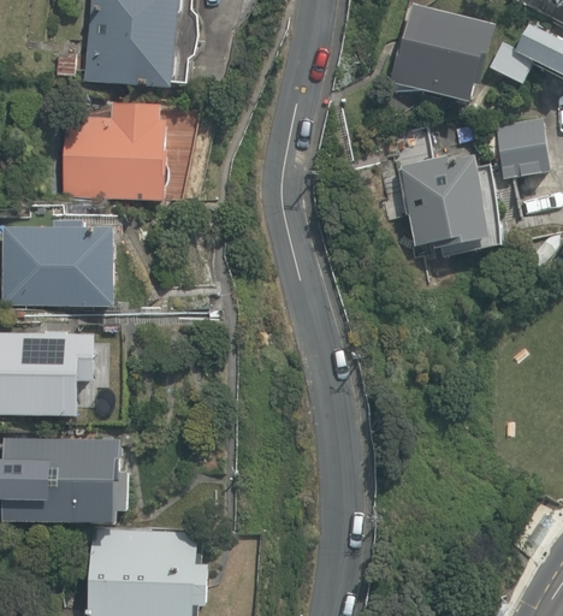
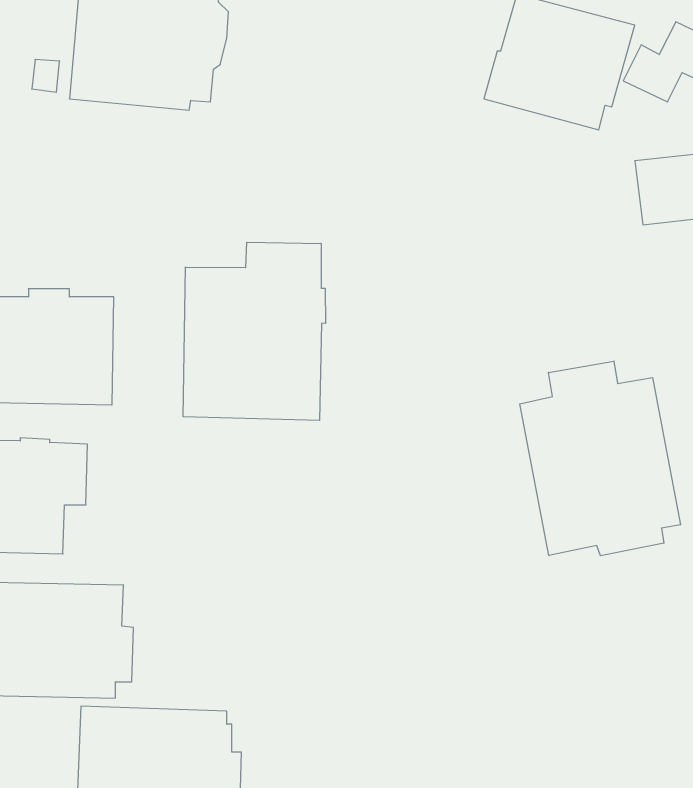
building: [61,102,168,202] -> none
building: [397,156,491,250] -> none
building: none -> [183,242,326,420]
building: none -> [520,361,681,556]

